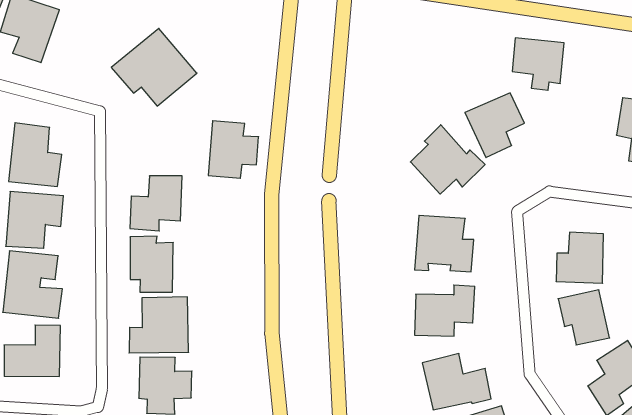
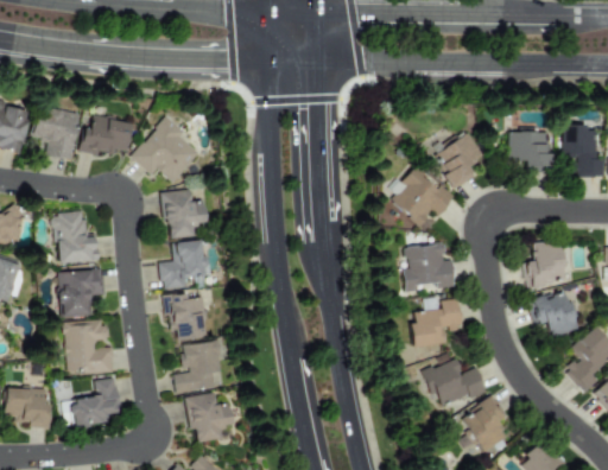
building: none -> [81,115,133,153]
building: [512,38,564,90] -> [508,131,551,172]
building: [208,121,259,178] -> [165,190,207,237]

